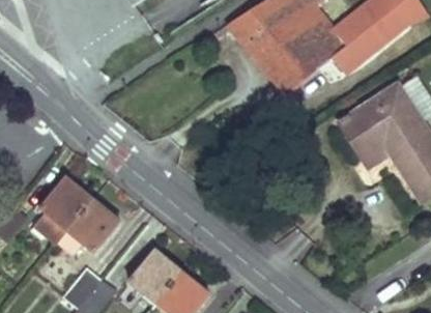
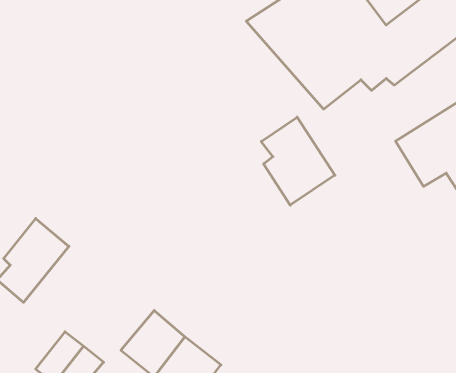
building: none -> [261,117,335,205]
building: [54,200,116,258] -> none

